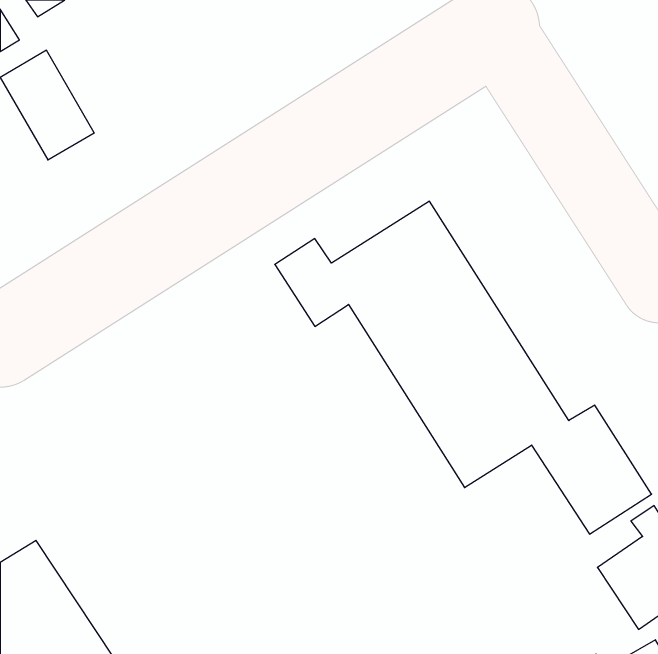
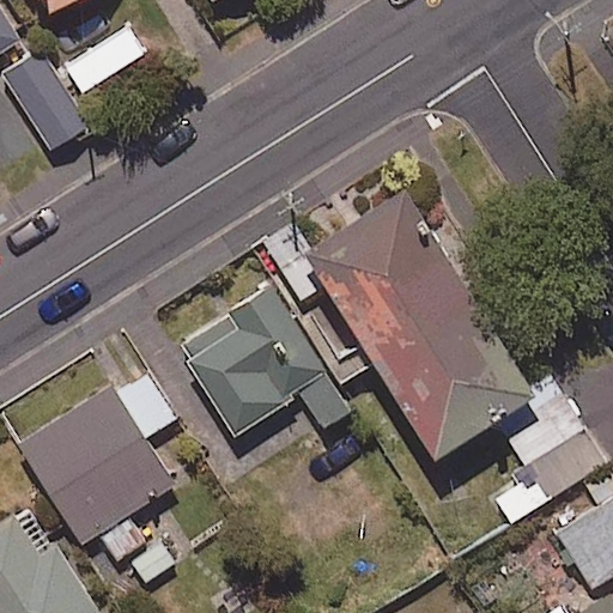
building: none -> [175,291,348,438]
building: none -> [28,368,181,541]

